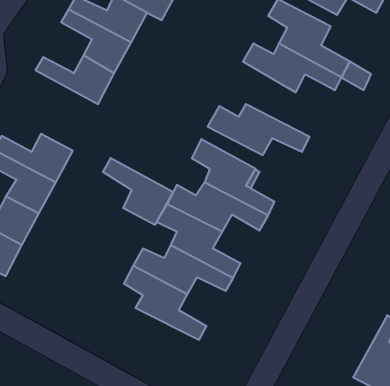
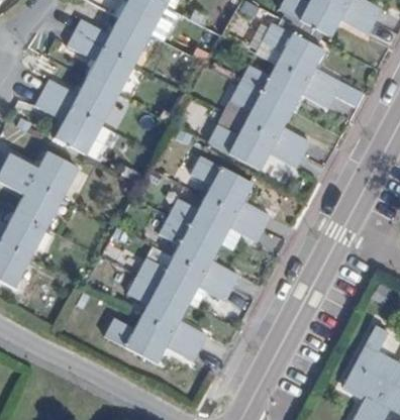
building: none -> [229,82,309,153]
building: [103,158,173,225] -> [35,90,102,153]
building: none -> [104,316,198,363]

